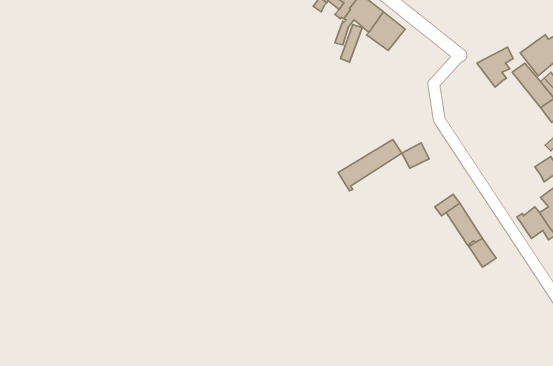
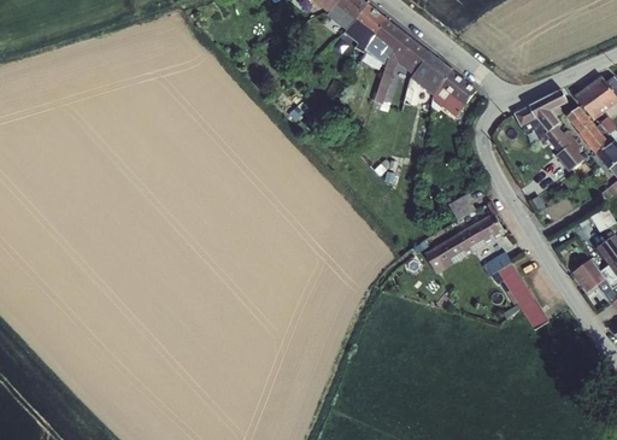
building: none -> [431,72,476,117]
building: none -> [513,108,583,174]
building: [338,140,402,191] -> [431,209,499,263]

